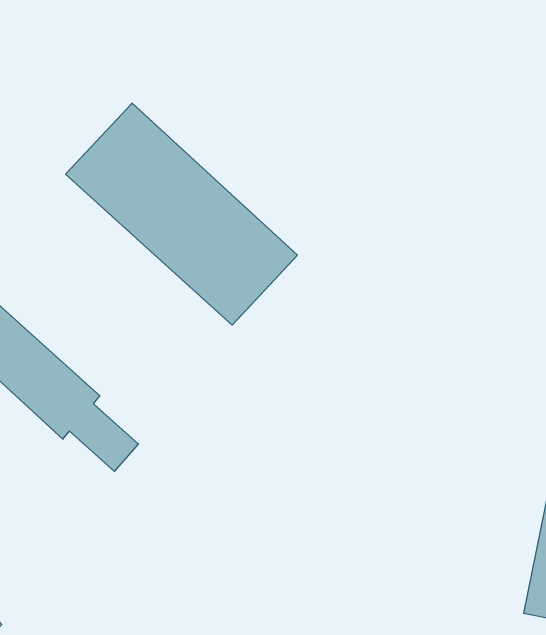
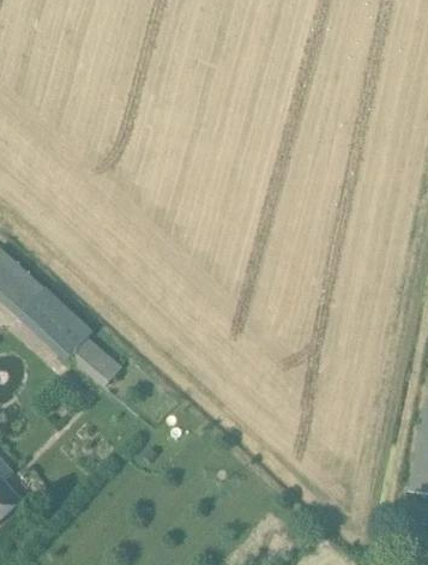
building: [66,103,297,325] -> none

